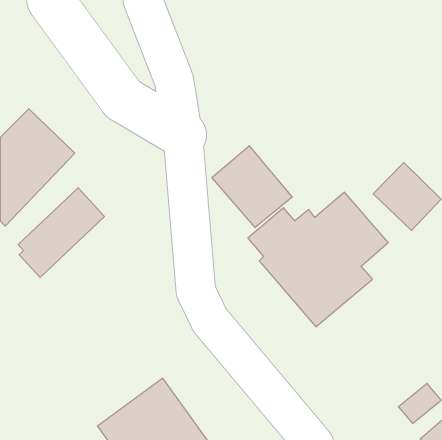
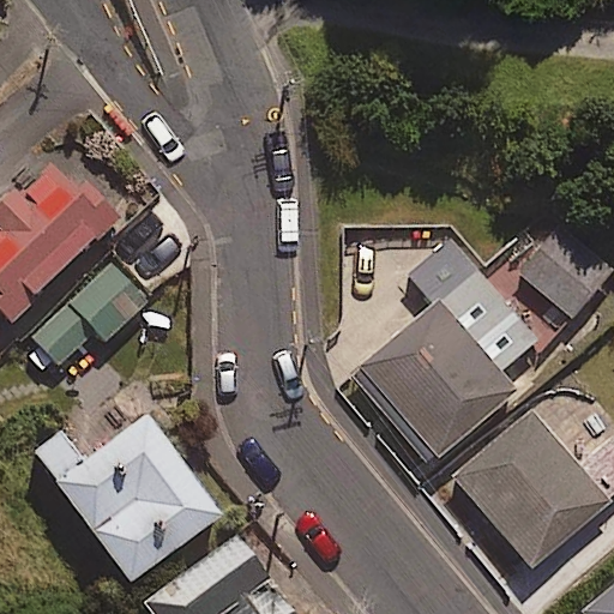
building: [212,146,292,228] -> none
building: none -> [464,411,606,558]
building: none -> [35,414,223,586]

